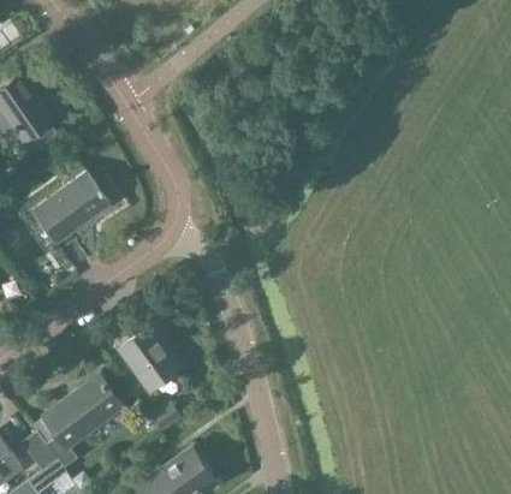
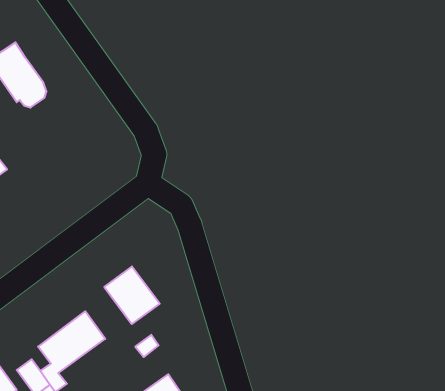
building: [31,173,107,250] -> none

